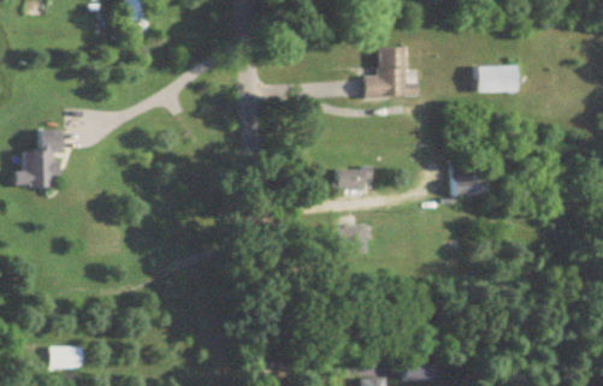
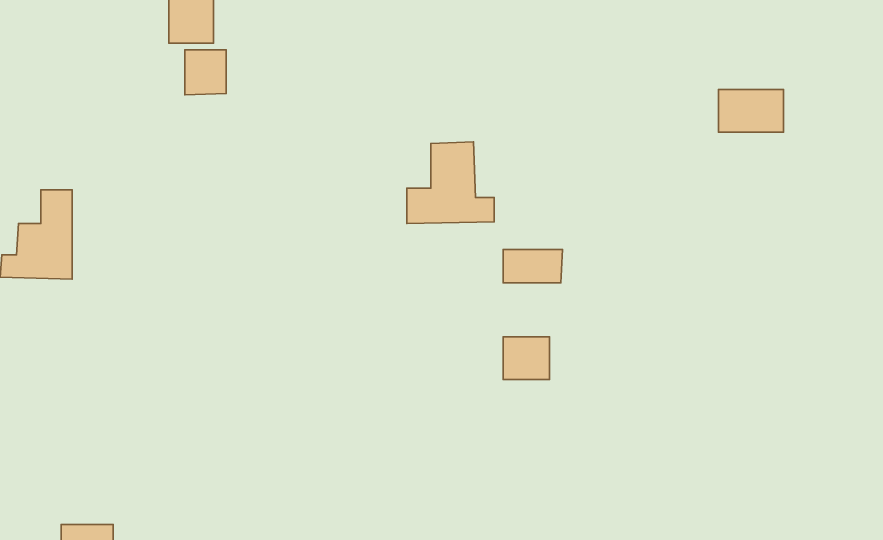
building: none -> [185,50,226,95]
building: [362,47,419,100] -> [407,142,494,224]
building: [451,152,485,195] -> none

